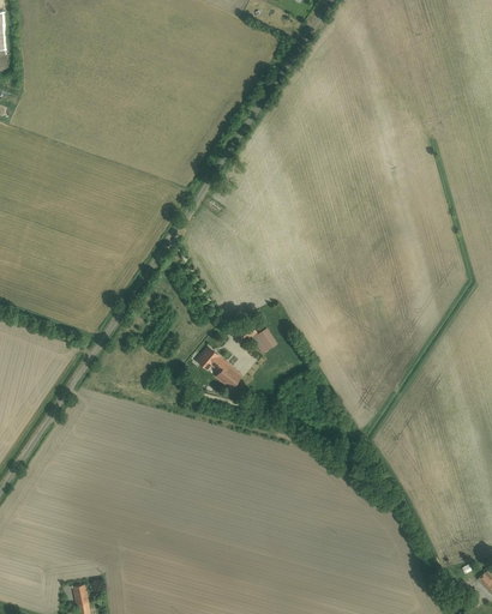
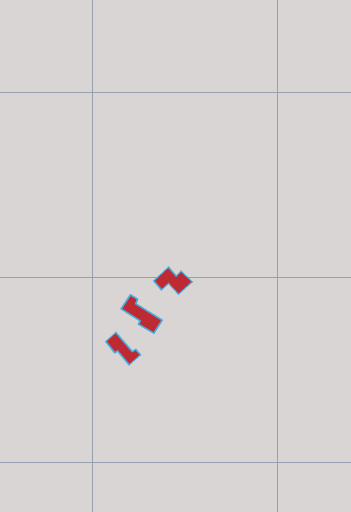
building: none -> [106,332,140,365]

